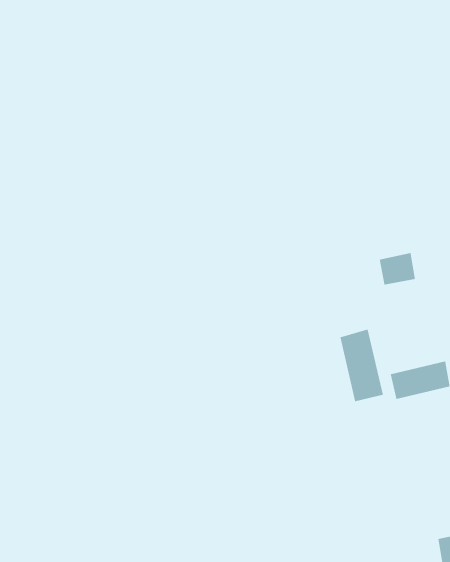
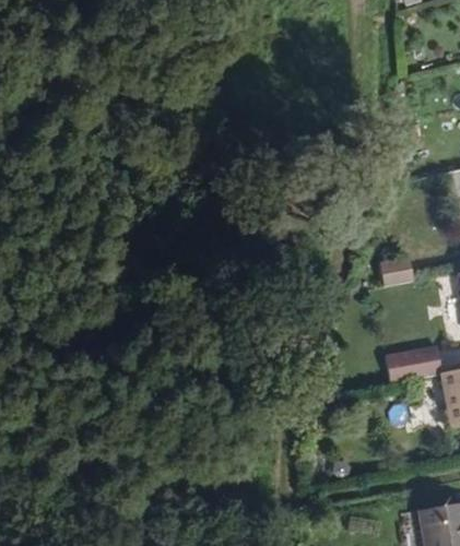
building: [340,329,384,402] -> none

